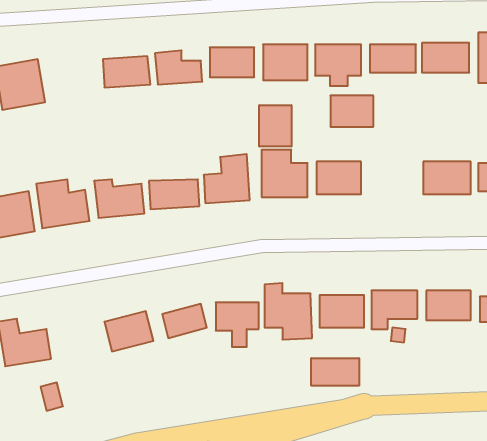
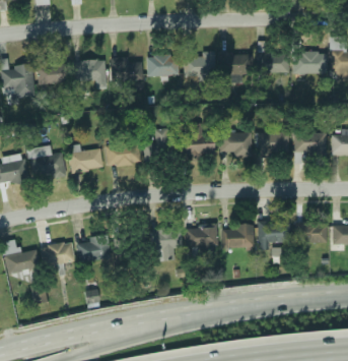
building: none -> [37,64,69,84]
building: [330,96,373,127] -> [259,133,288,155]
building: [259,105,291,147] -> none
building: none -> [40,241,73,266]
building: [311,358,359,386] -> none

